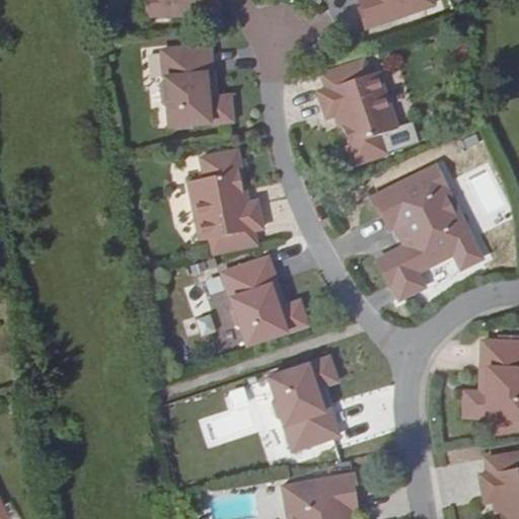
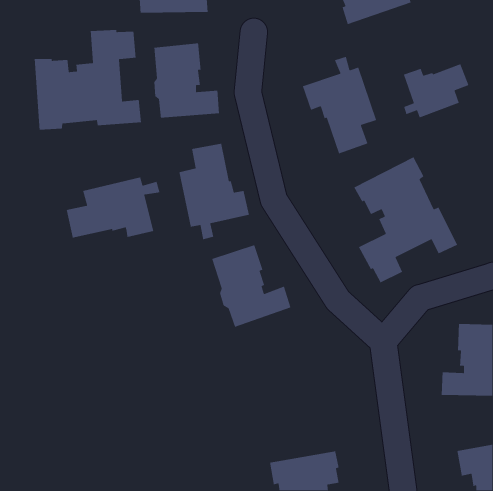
building: none -> [34,29,142,131]
building: none -> [403,63,470,118]
building: none -> [66,176,161,239]
building: [268,357,338,449] -> none

